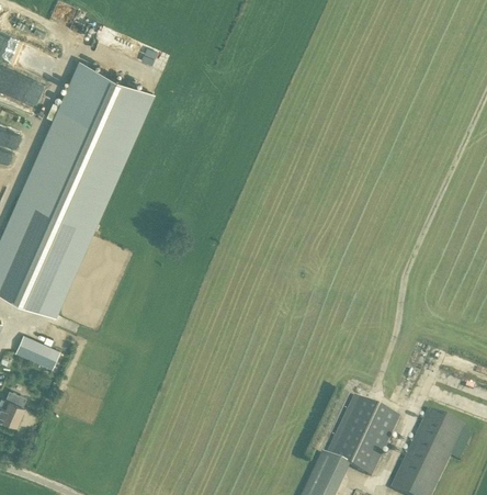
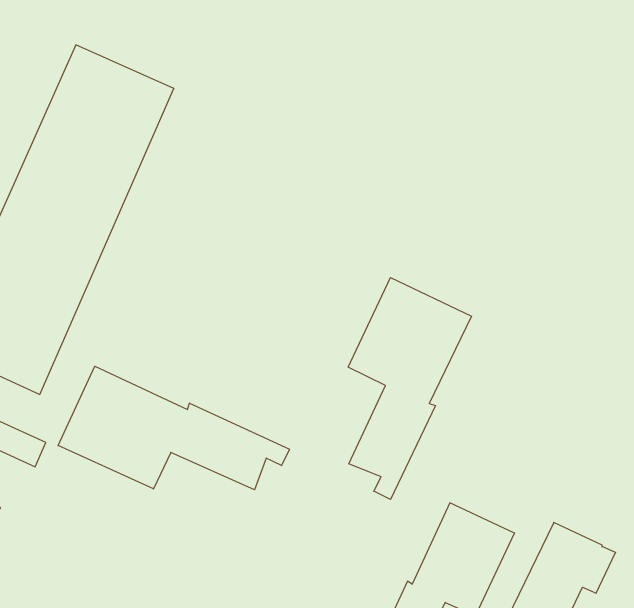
building: none -> [348,278,471,499]
building: none -> [58,366,289,490]

